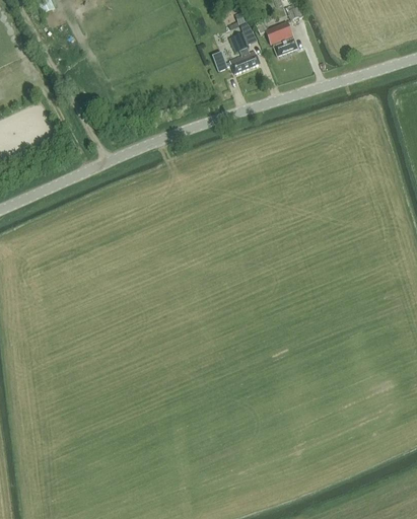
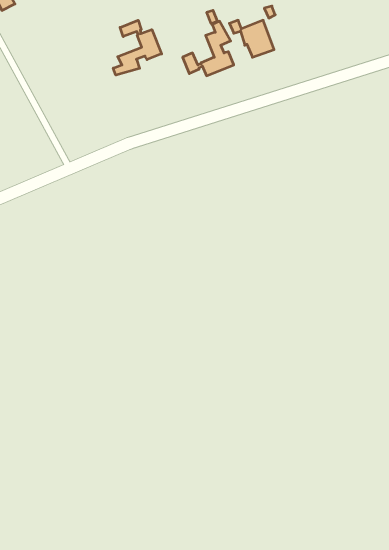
building: none -> [113,20,162,75]

